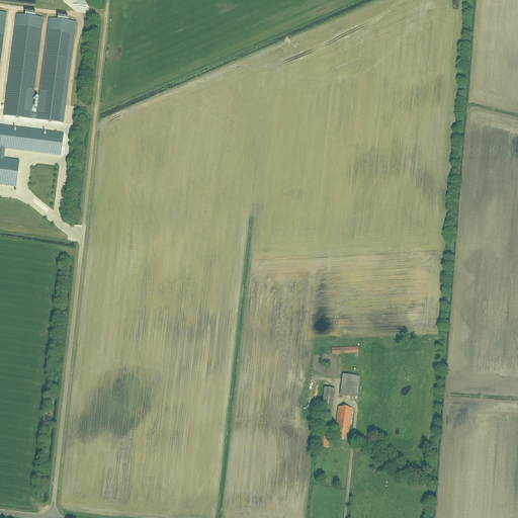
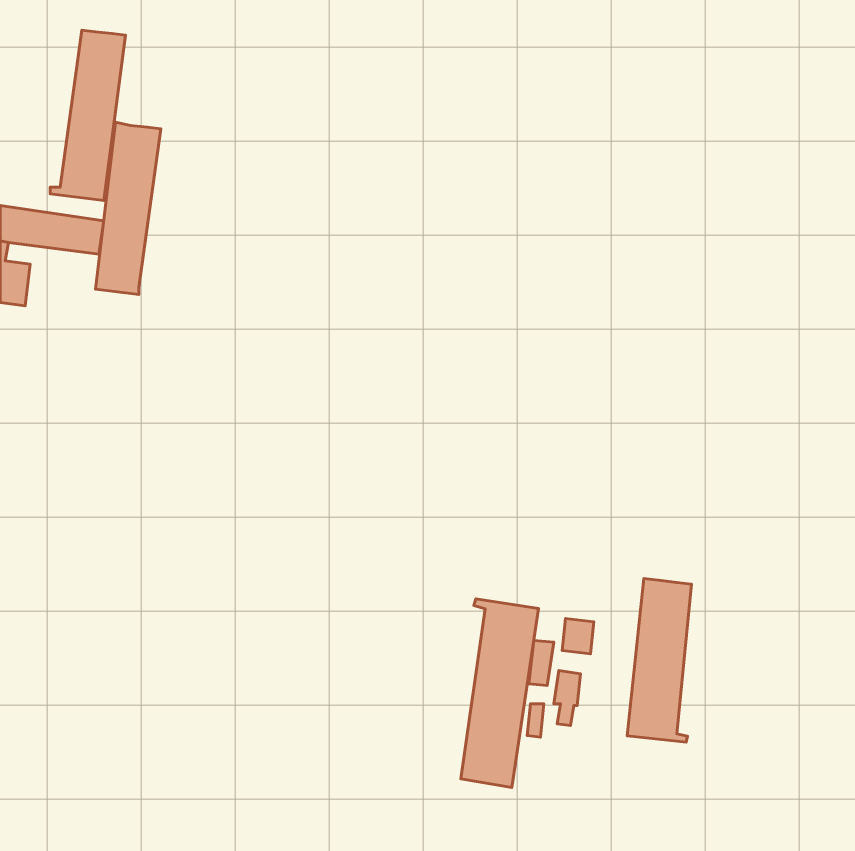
building: [4,13,44,117] -> [95,122,161,294]
building: none -> [627,579,691,742]
building: none -> [461,599,539,787]

